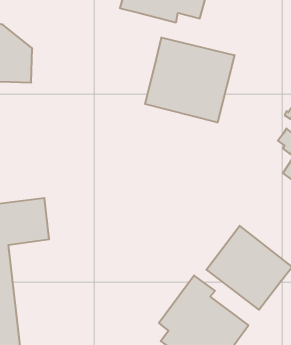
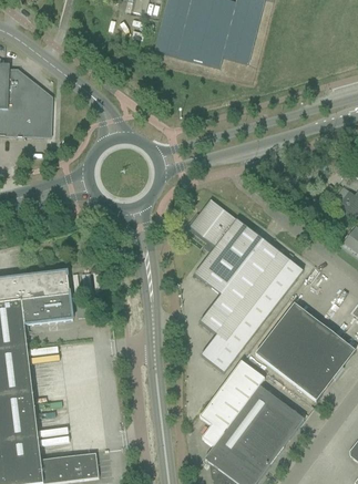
building: [145,37,235,123] -> none
building: none -> [188,198,303,372]

